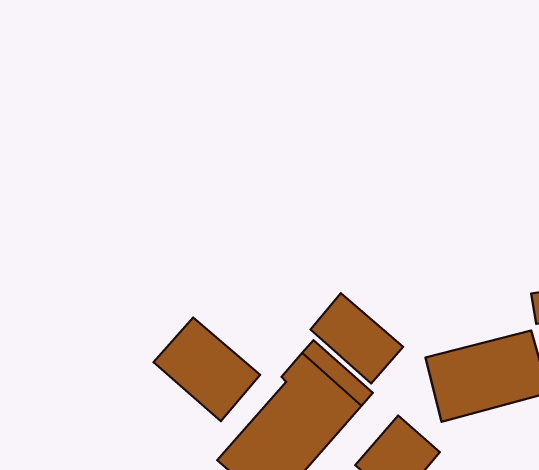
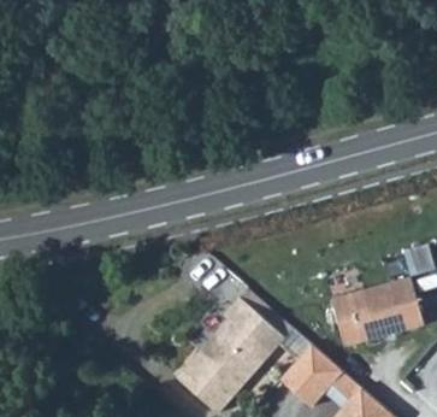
building: [310,293,403,383] -> none
building: [153,318,260,421] -> none

